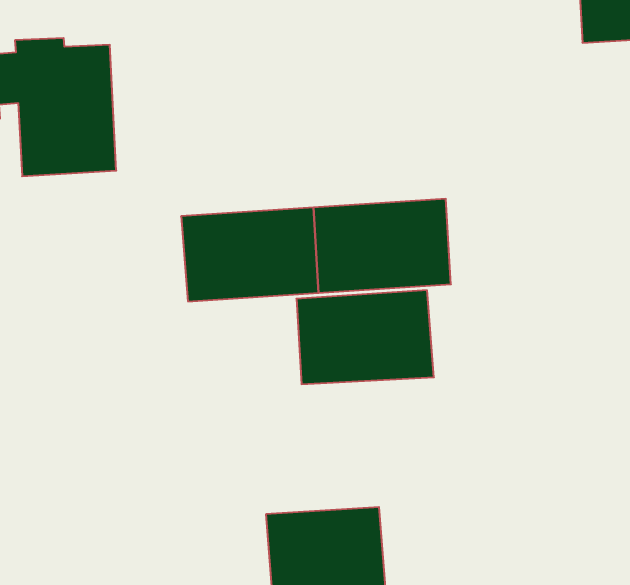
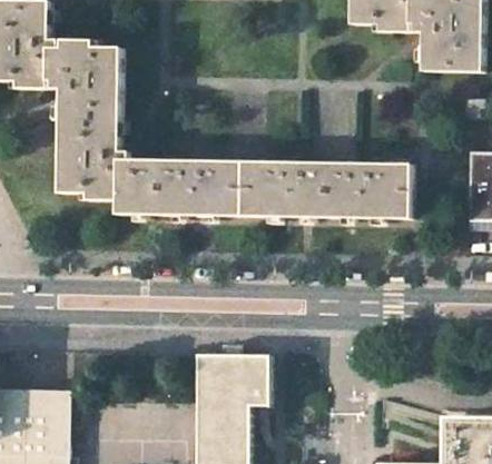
building: none -> [57,127,157,215]
building: [296,290,434,384] -> [325,162,410,219]

